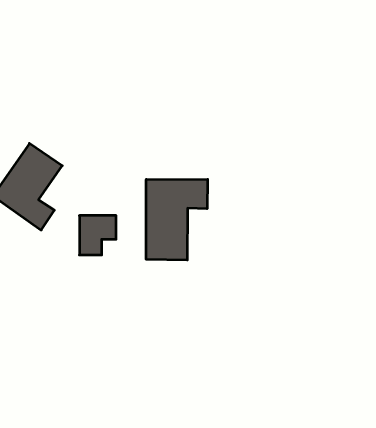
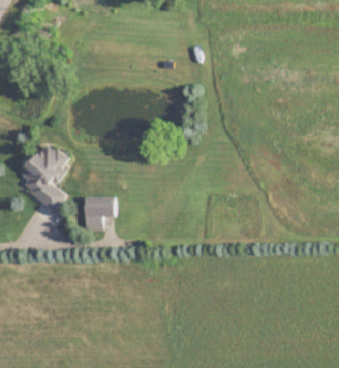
building: [146,179,208,260] -> none

